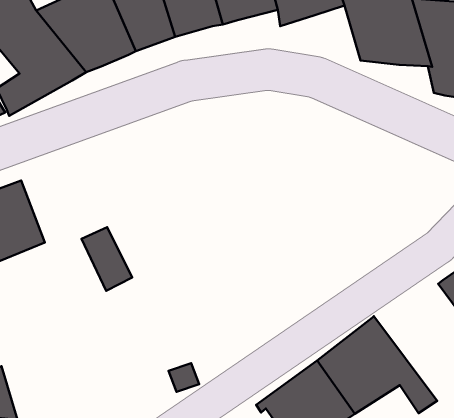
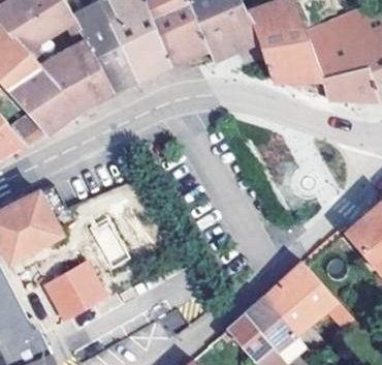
building: none -> [39,260,106,323]

